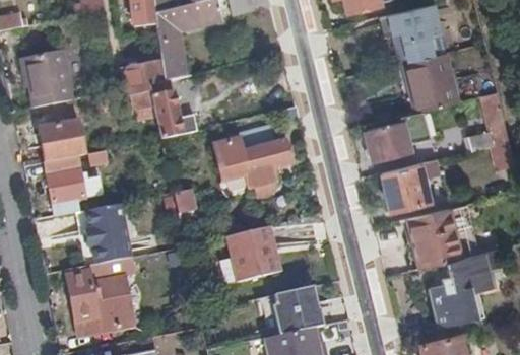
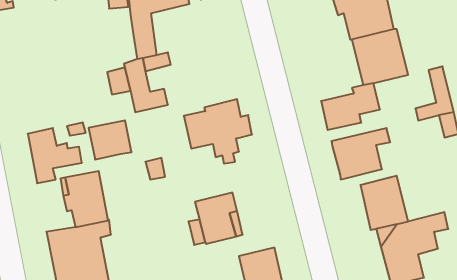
building: [20,50,75,108] -> none
building: [123,54,165,96] -> none
building: [39,120,85,162] -> [89,120,132,160]

